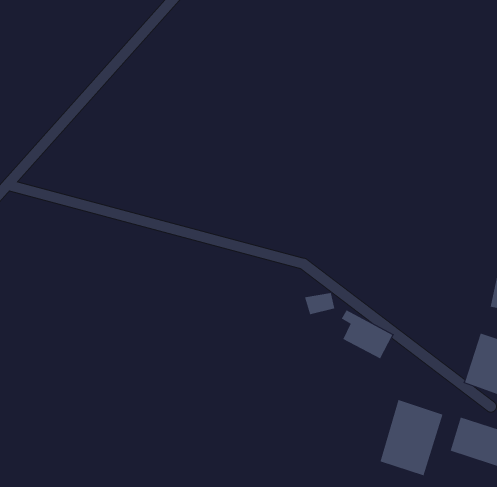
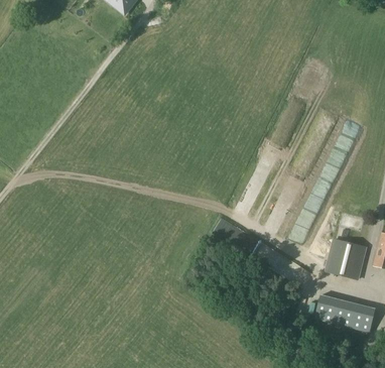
building: [380,399,443,476] -> none

